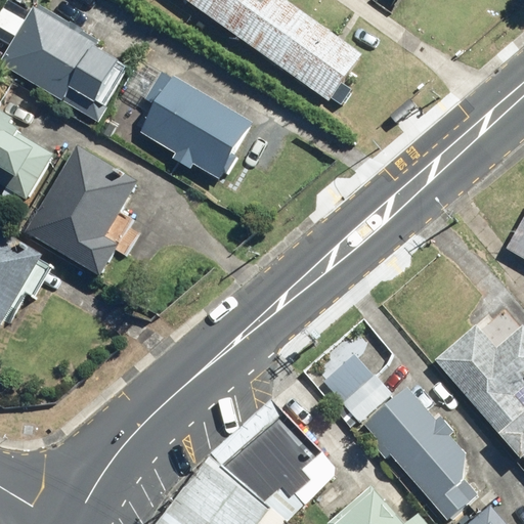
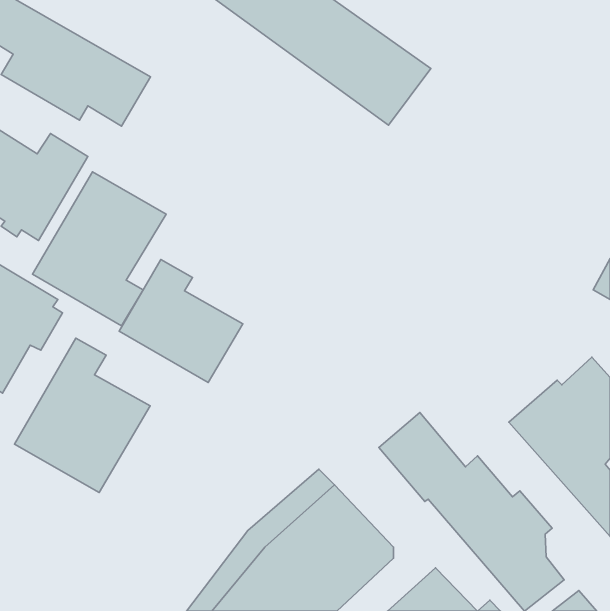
building: [123,58,252,179] -> none
building: none -> [119,260,243,382]
building: none -> [14,338,150,492]

